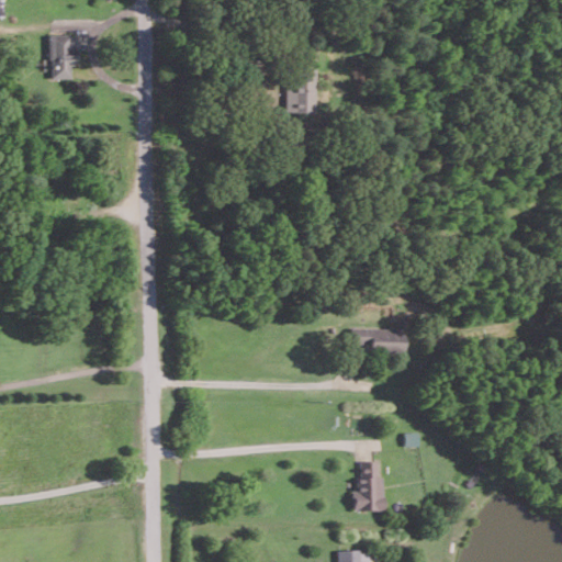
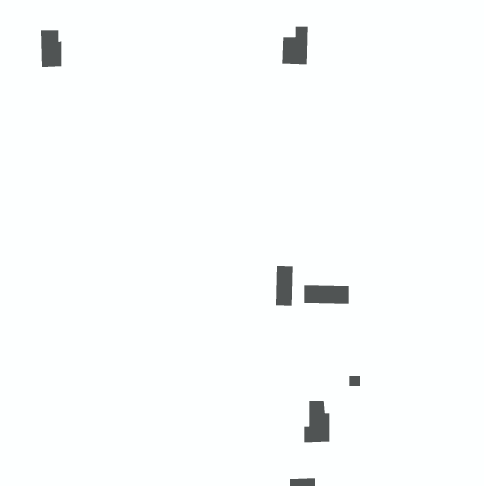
building: [288,69,318,114] -> [282,26,308,65]
building: none -> [275,265,294,306]

